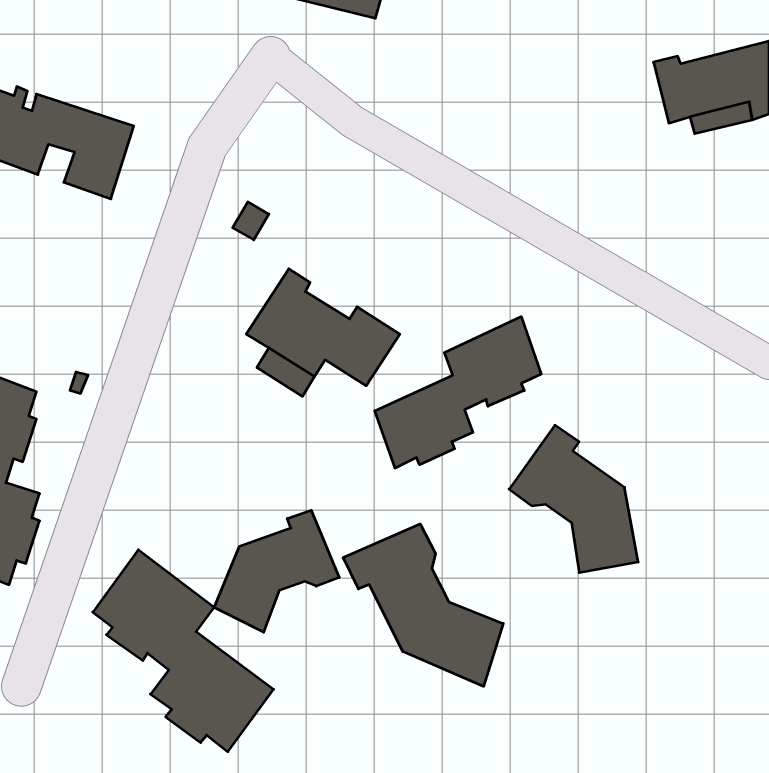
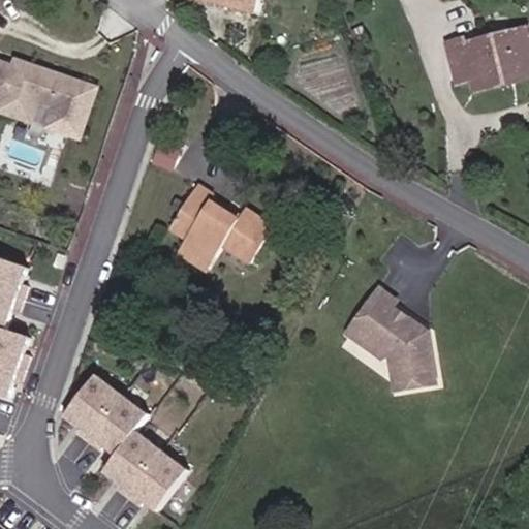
building: [375,317,541,468] -> none
building: [214,510,339,632] -> none
building: [343,524,503,686] -> none

